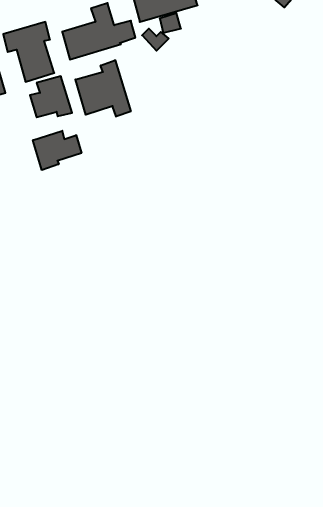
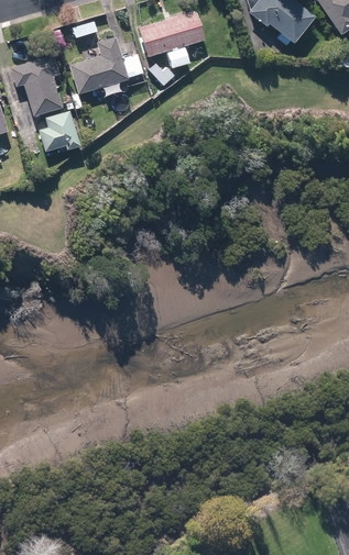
building: [75,60,131,117] -> none
building: [33,131,81,170] -> none

